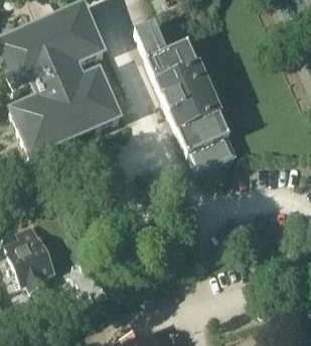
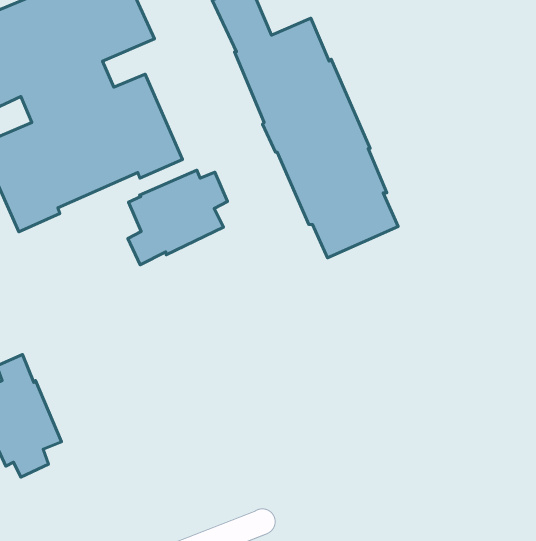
building: none -> [128,170,227,265]

